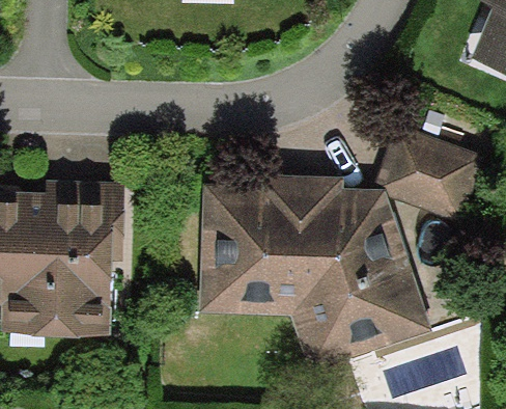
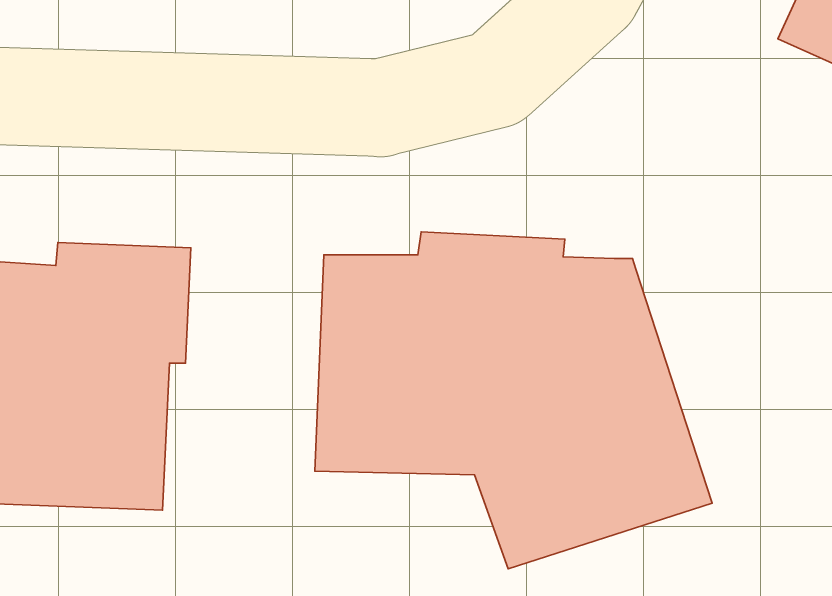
building: [374,124,486,221] -> none

